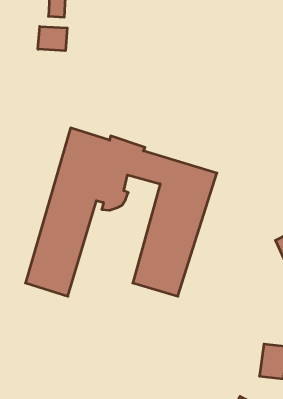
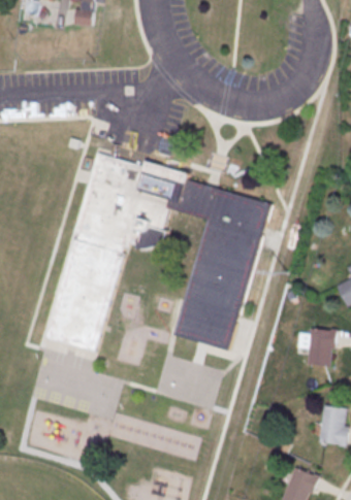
building: [38,26,67,51] -> none
building: none -> [299,327,337,365]

